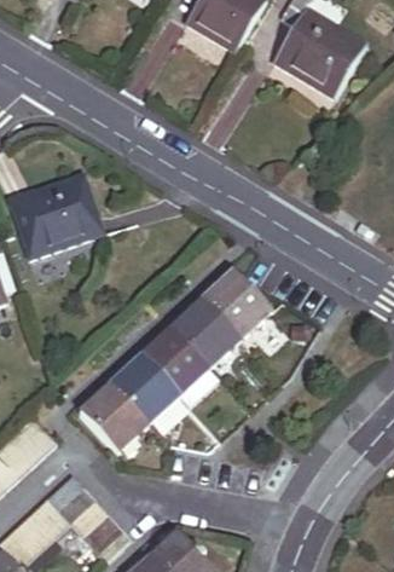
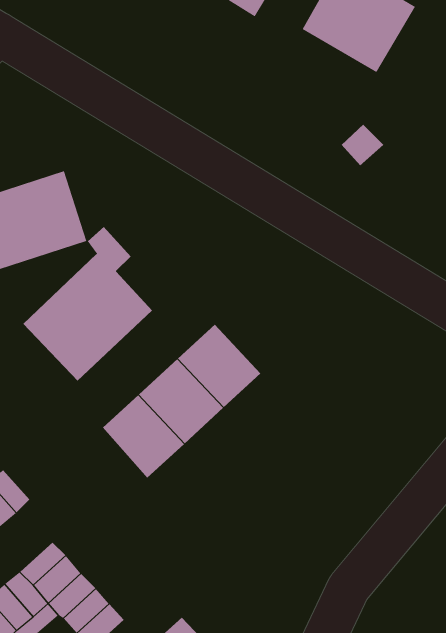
building: none -> [22,226,153,382]
building: [202,272,268,340] -> none
building: [80,383,147,453] -> none

